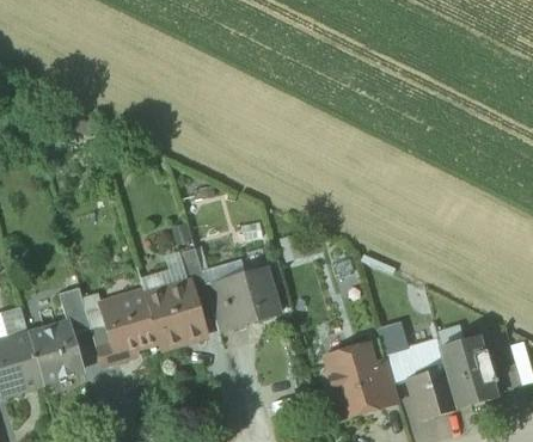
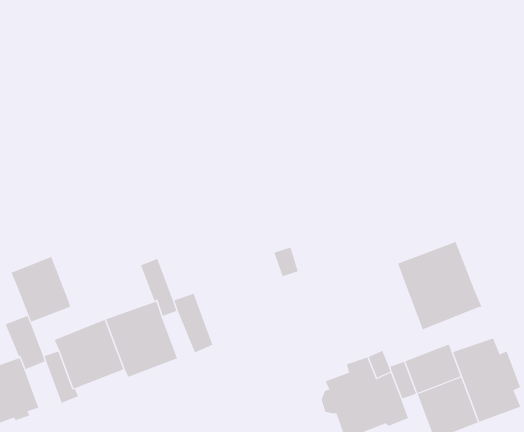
building: none -> [11,256,71,322]
building: none -> [398,241,482,330]
building: [223,265,280,324] -> none

